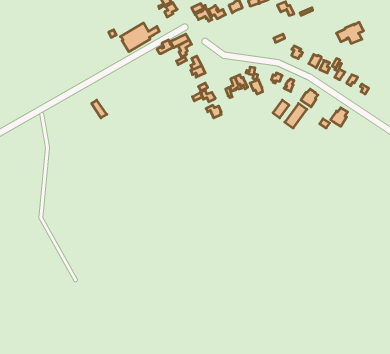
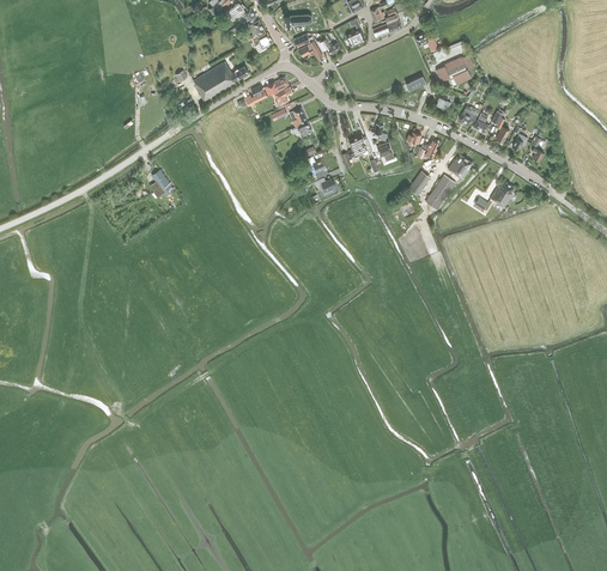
building: [336,22,364,43] -> [435,54,473,84]

